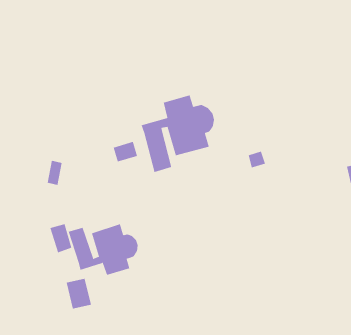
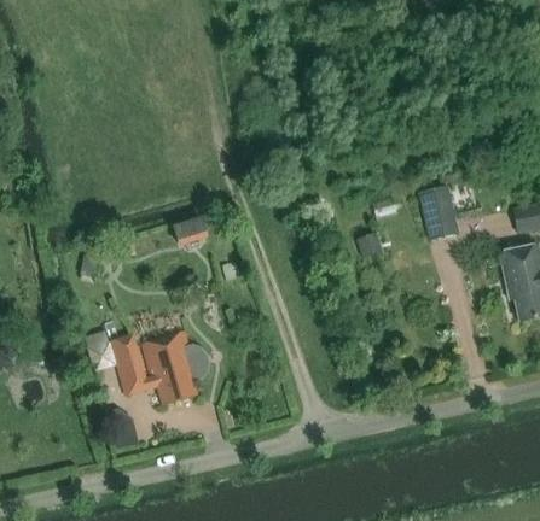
building: [141,95,215,173] -> none
building: none -> [418,185,459,239]

